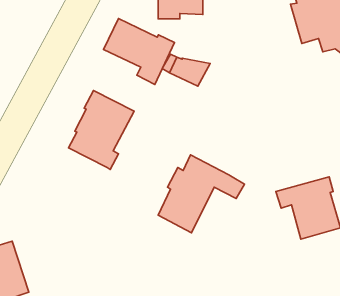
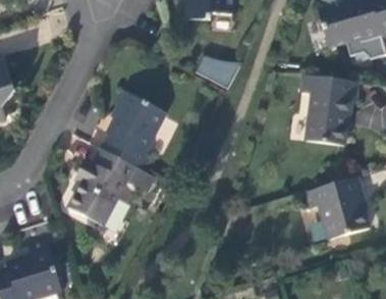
building: [103,18,174,84] -> none
building: none -> [305,77,362,145]
building: [158,155,245,233] -> [69,150,154,227]

